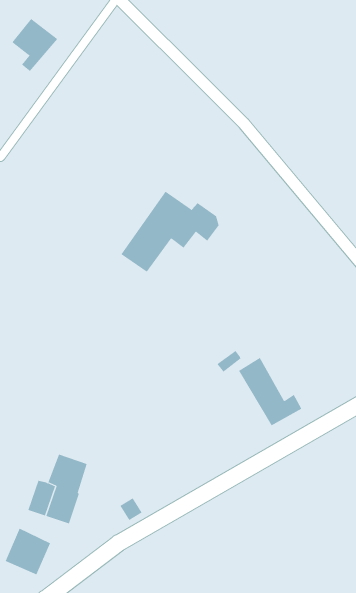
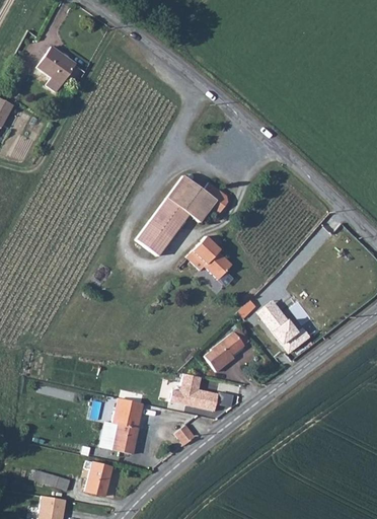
building: none -> [140,230,171,260]
building: none -> [185,235,230,278]
building: none -> [203,327,244,369]
building: none -> [170,372,219,411]

